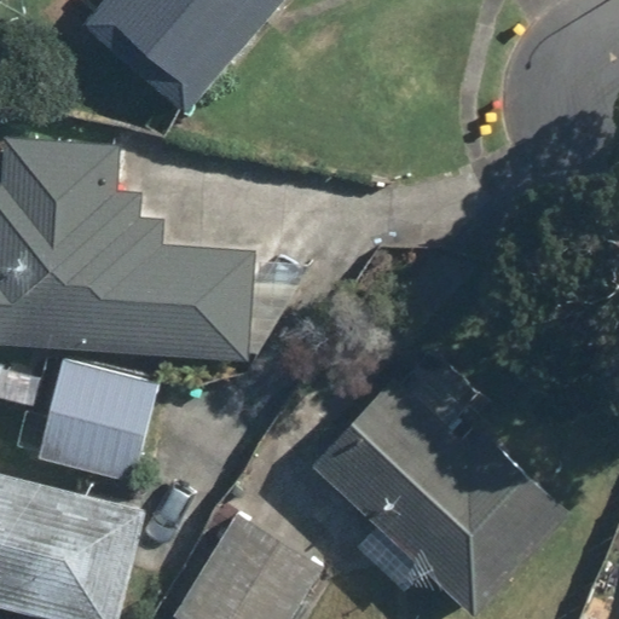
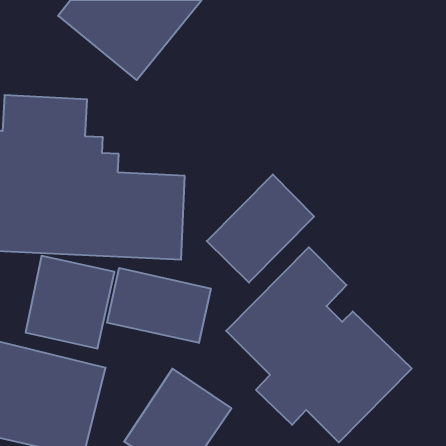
building: none -> [207,174,314,283]
building: none -> [107,268,211,343]

